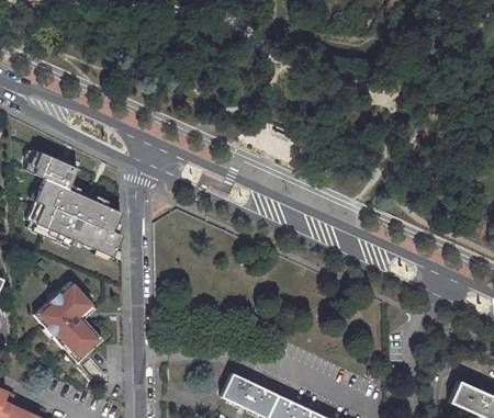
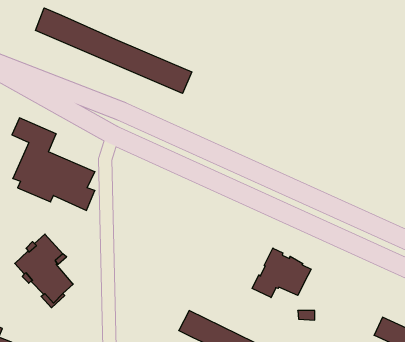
building: none -> [36,8,192,93]
building: none -> [252,248,311,298]

